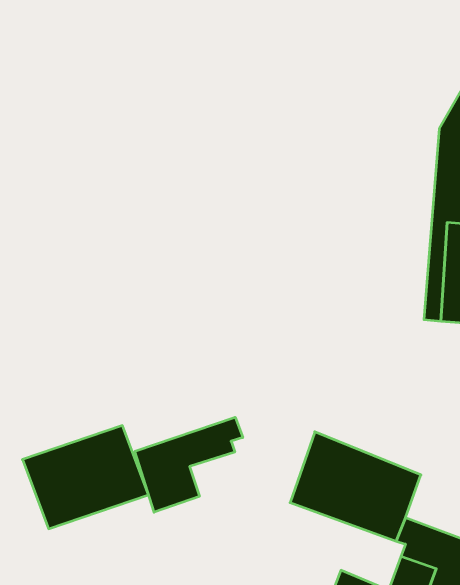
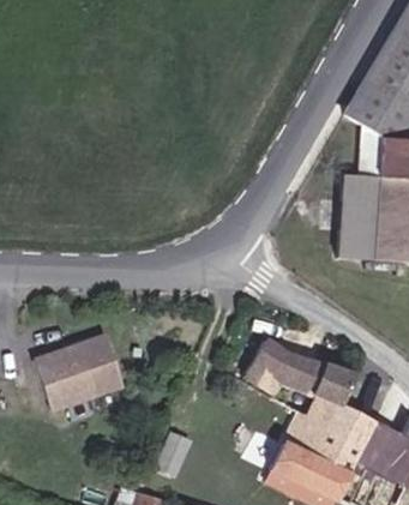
building: [135,417,243,512] -> none

